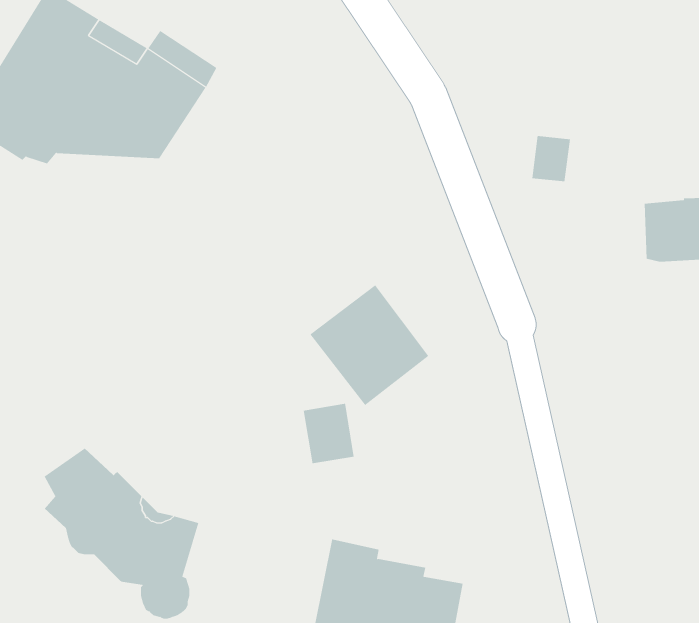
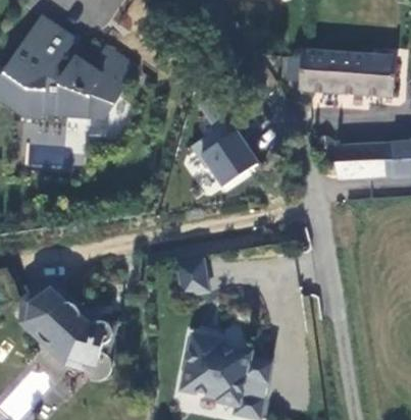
building: none -> [286,53,393,96]
building: none -> [330,144,379,178]
building: [309,284,429,406] -> [186,118,254,188]

